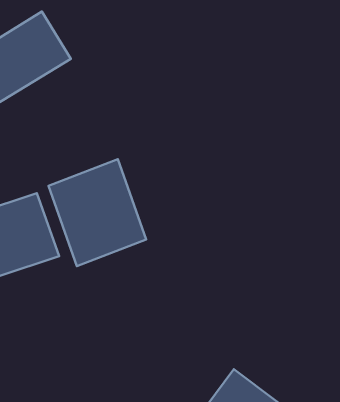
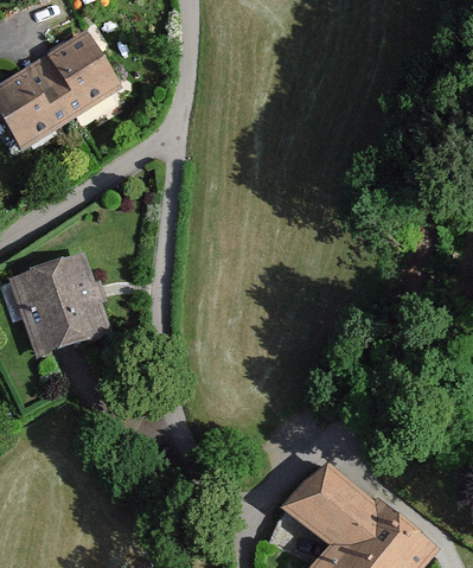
building: [48,159,146,266] -> none

